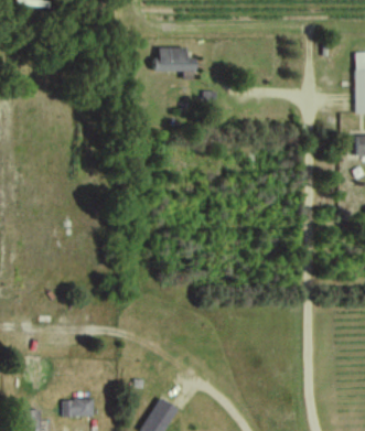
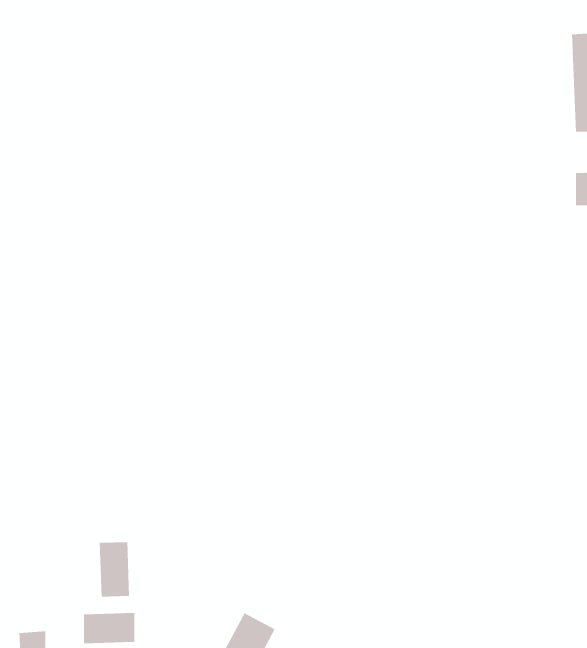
building: [153,47,195,78] -> none
building: none -> [99,541,130,598]

